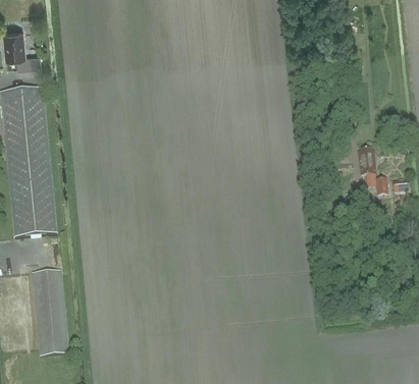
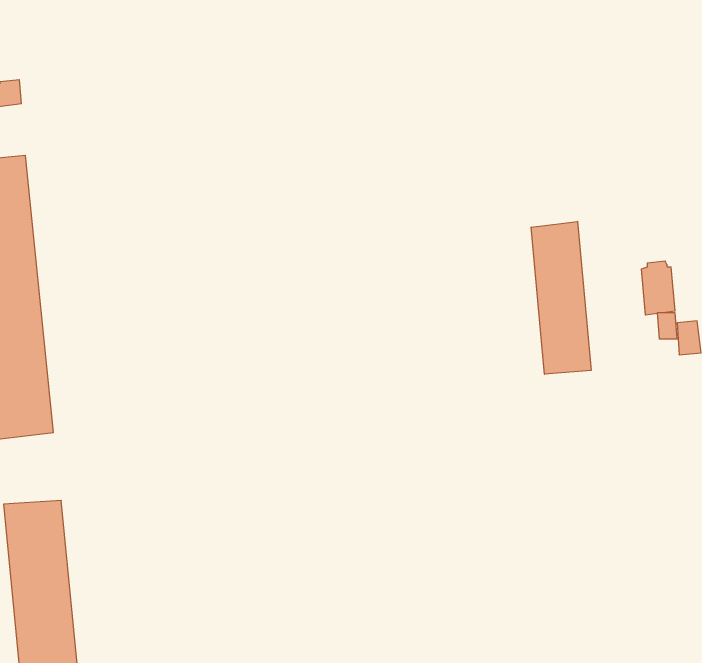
building: none -> [531,221,591,374]

